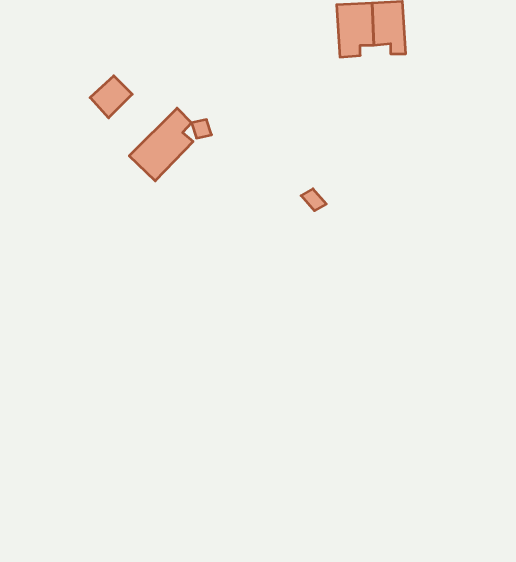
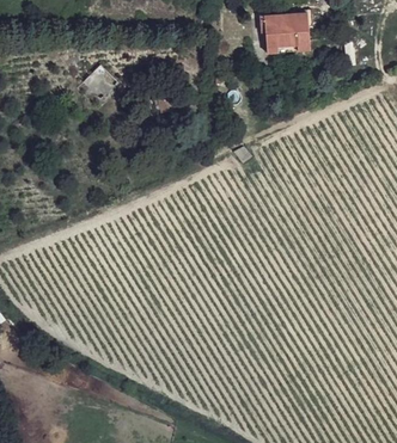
building: [129,108,193,181] -> none

